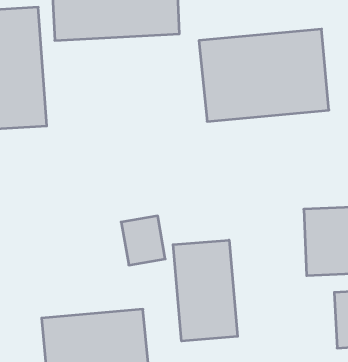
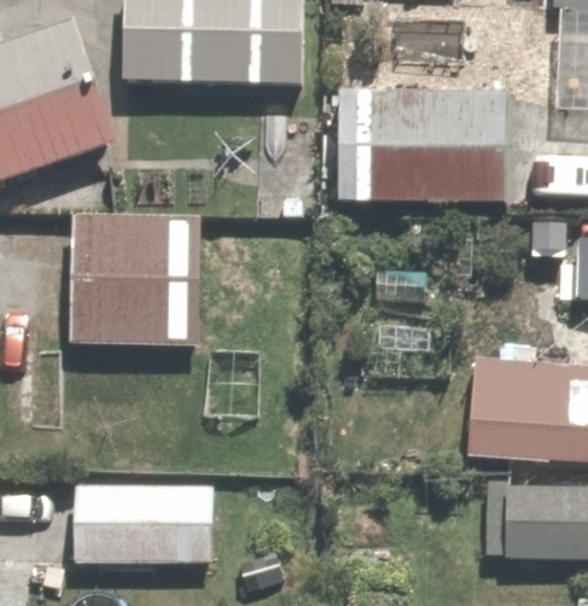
building: none -> [77,217,202,344]
building: [173,240,238,341] -> none

